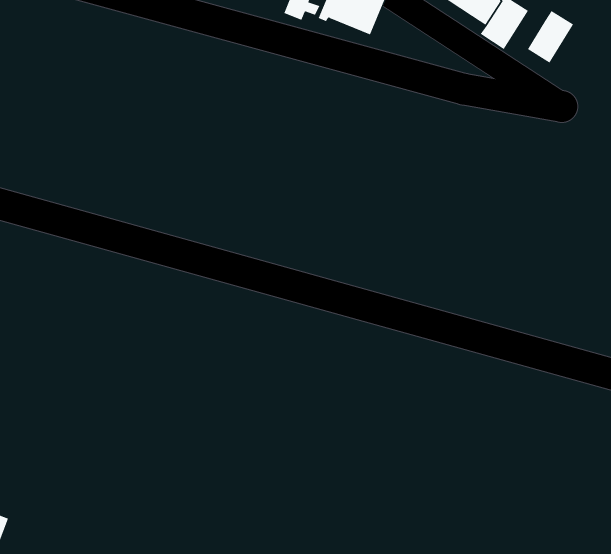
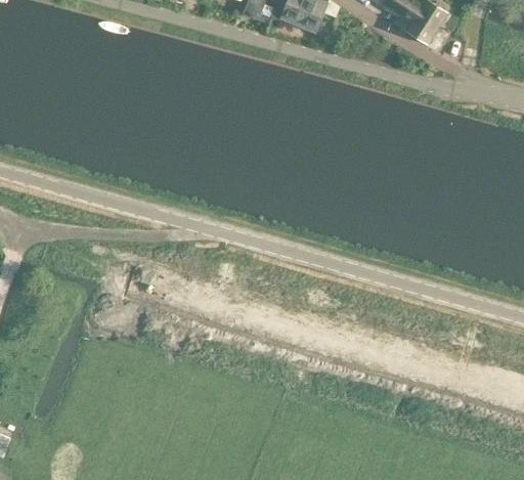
building: [527,10,574,63] -> none

